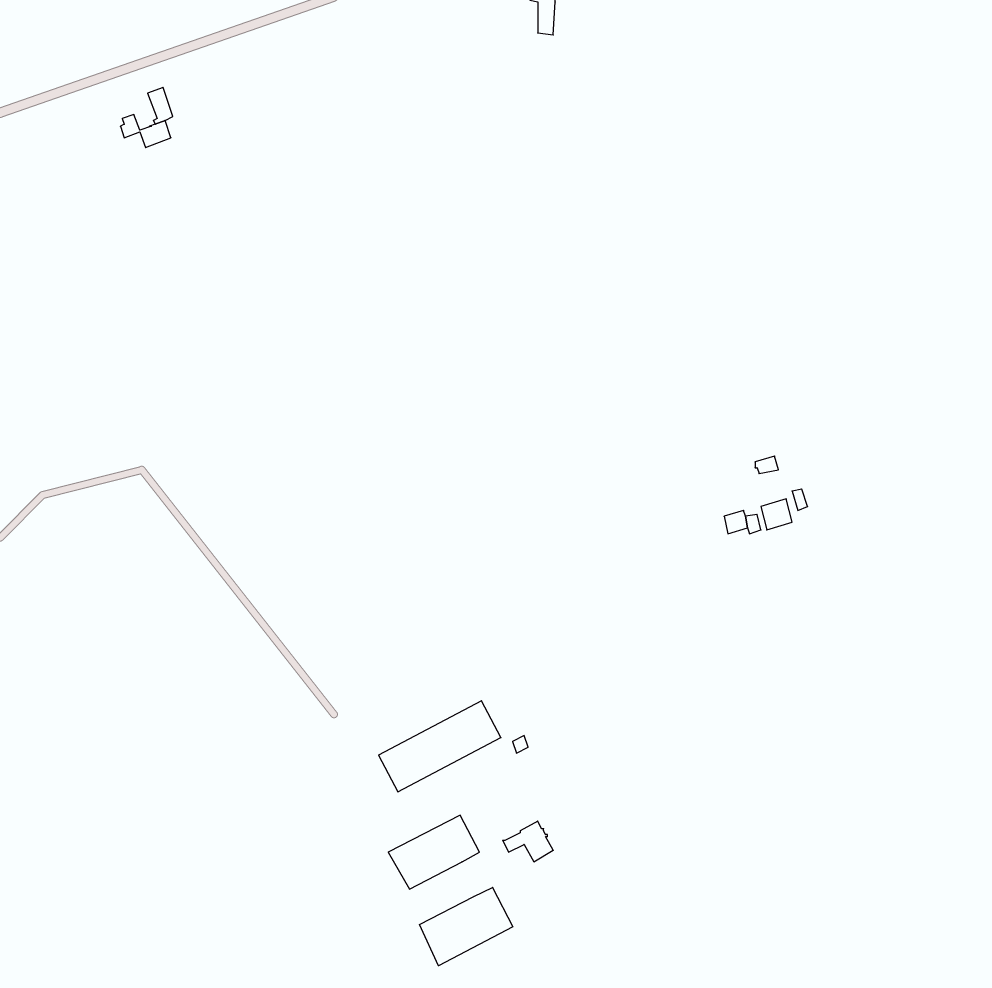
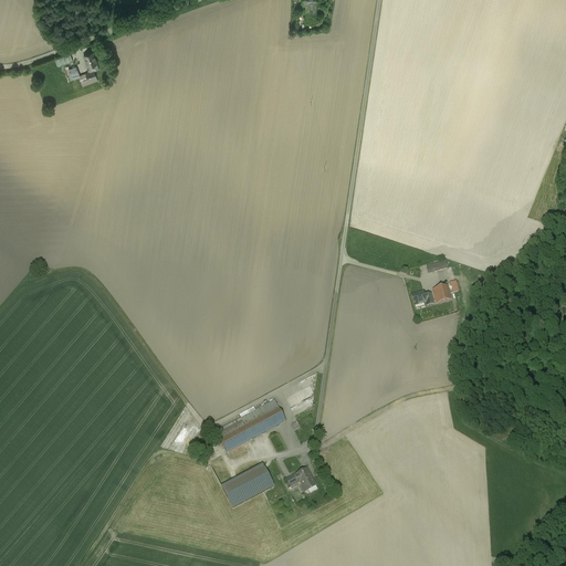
building: [419,887,513,966] -> none

